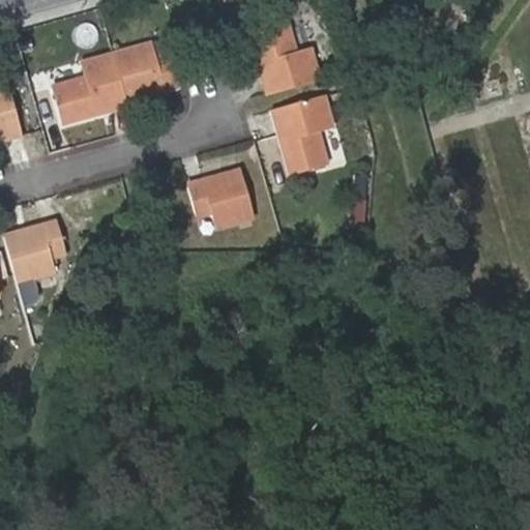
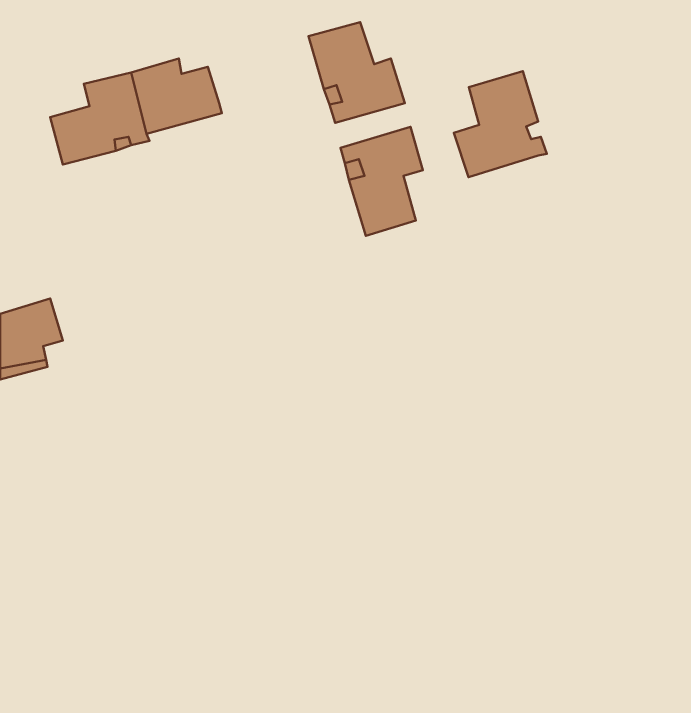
building: none -> [454,71,547,177]
building: [183,169,252,228] -> none

